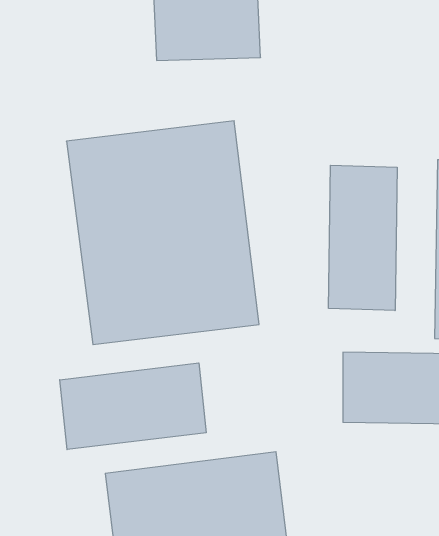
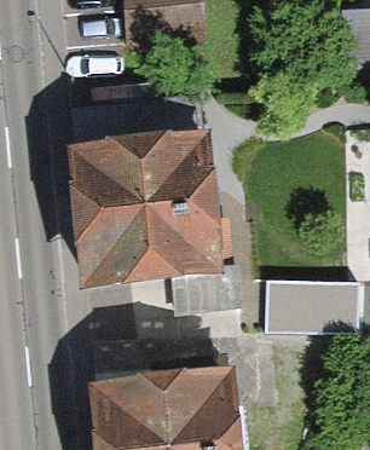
building: [329,165,397,311] -> none
building: [60,363,206,450] -> none

